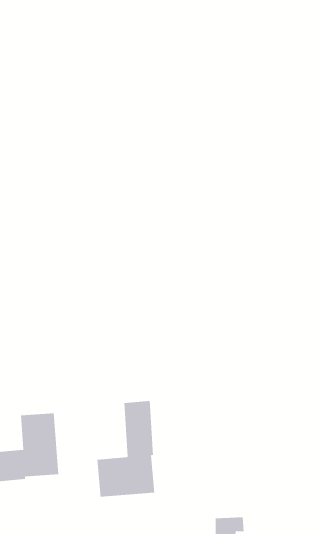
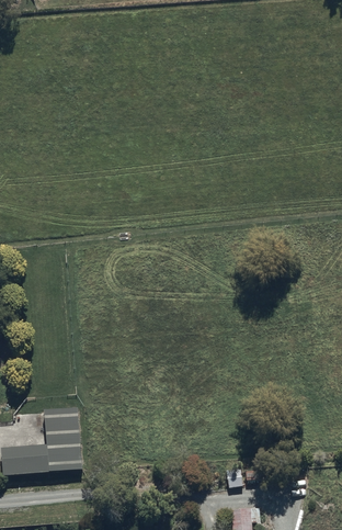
building: [97,400,155,498] -> none

